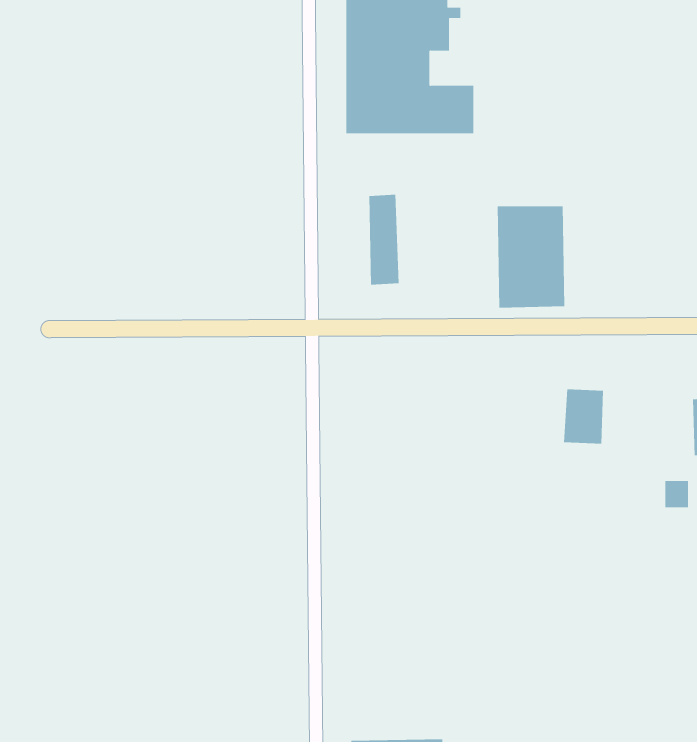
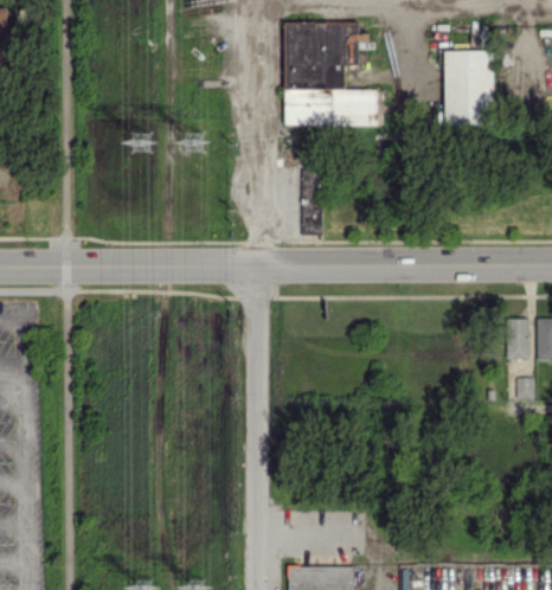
building: [497,206,565,308] -> [444,51,494,126]
building: [563,389,604,444] -> [500,319,529,359]

